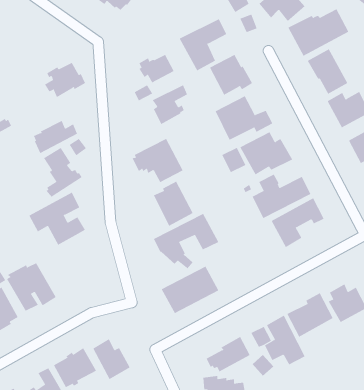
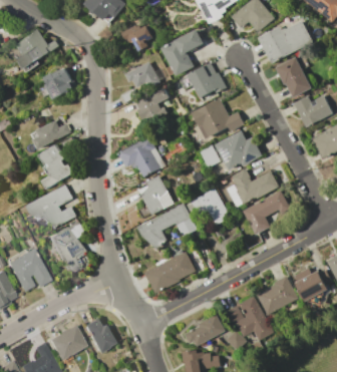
building: none -> [119,25,152,52]
building: none -> [13,28,58,72]
building: none -> [186,188,229,225]
building: none -> [47,219,87,274]

